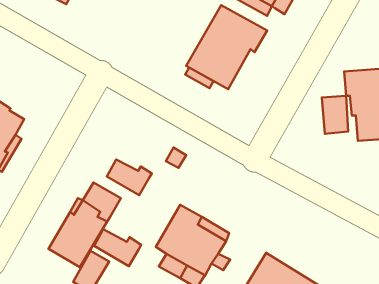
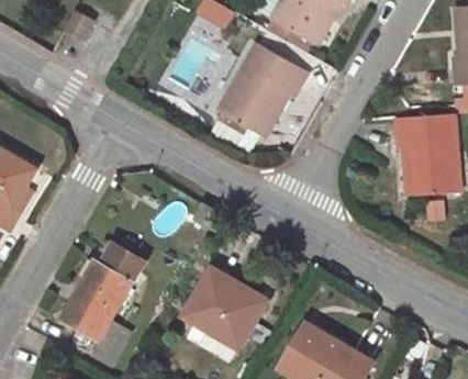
building: [322,96,348,134] -> none
building: [107,160,152,195] -> none
building: [94,229,141,266] -> none

